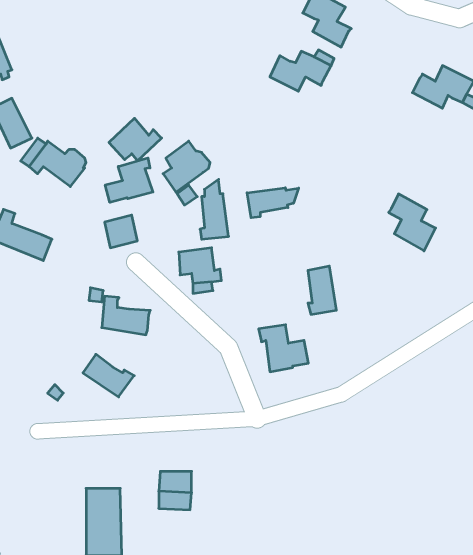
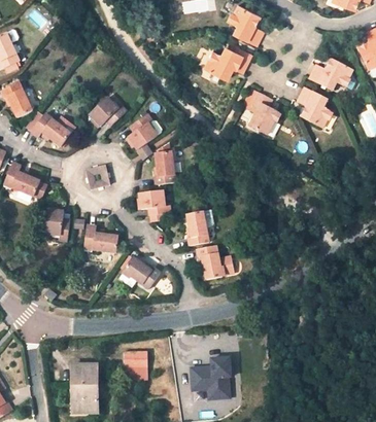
building: none -> [248,93,278,135]
building: [105,158,153,202] -> none
building: [247,188,299,218] -> none
building: [389,194,436,251] -> [297,87,331,129]
building: [308,266,336,314] -> [187,211,208,246]
building: none -> [44,209,70,242]
building: [83,354,134,397] -> [123,257,160,288]
building: none -> [189,358,229,399]

